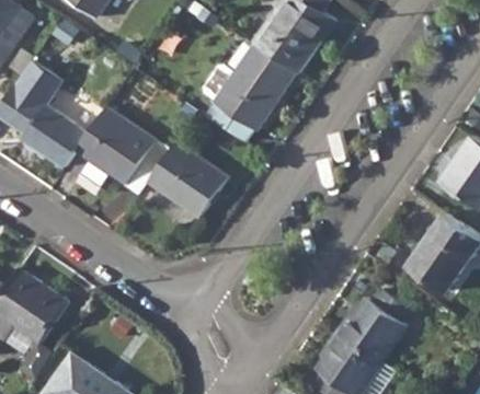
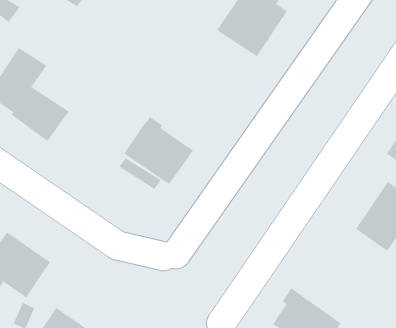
building: [205,44,296,130] -> none
building: [77,108,155,185] -> none
building: [335,290,407,362] -> none

